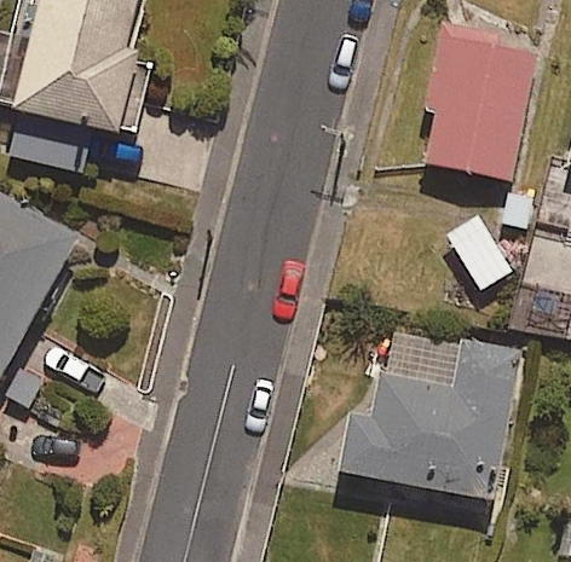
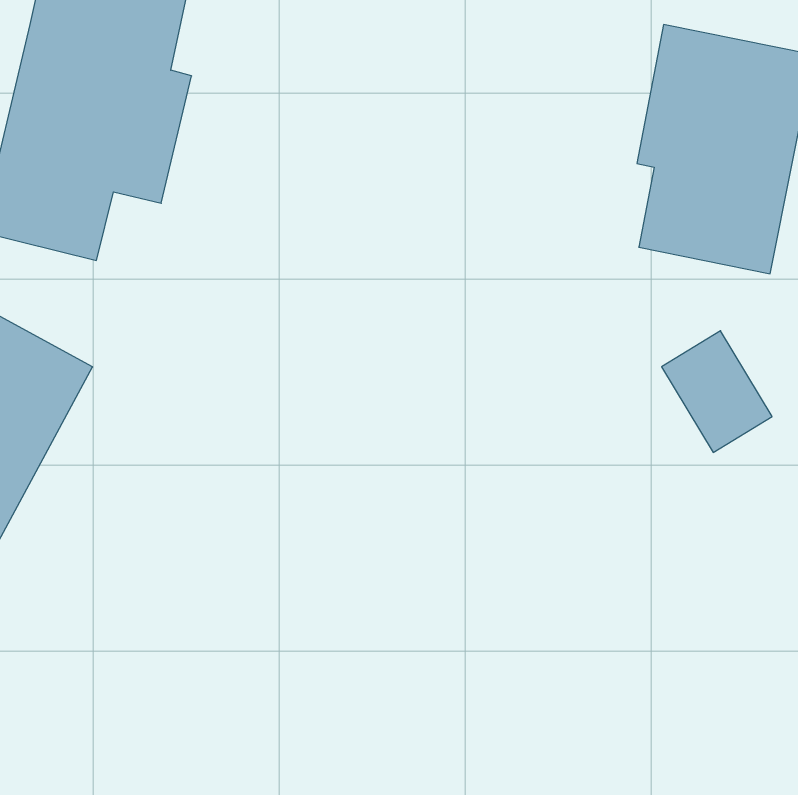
building: [344,341,520,499] -> none

